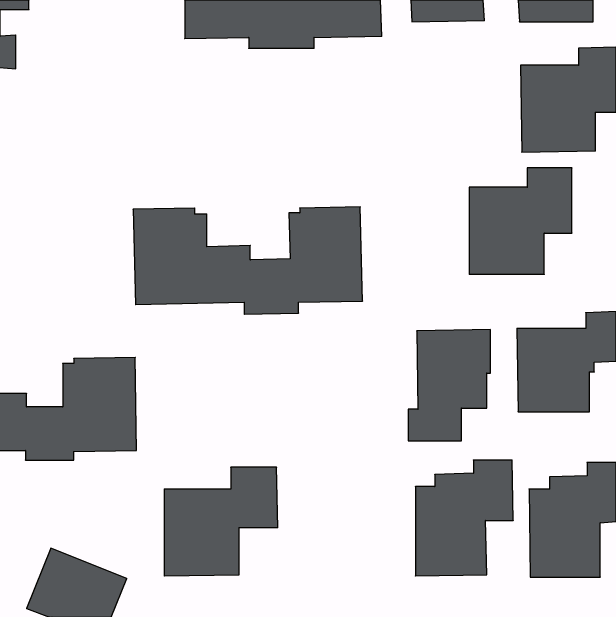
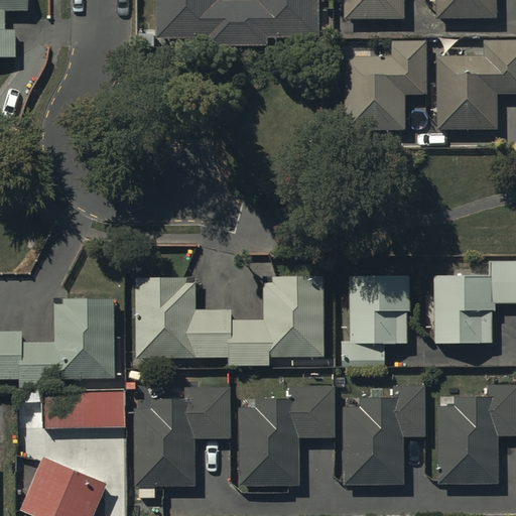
building: [469,168,572,274] -> [342,39,427,128]
building: [133,207,363,314] -> [133,276,325,366]
building: none -> [238,389,332,479]
building: none -> [42,391,125,430]

